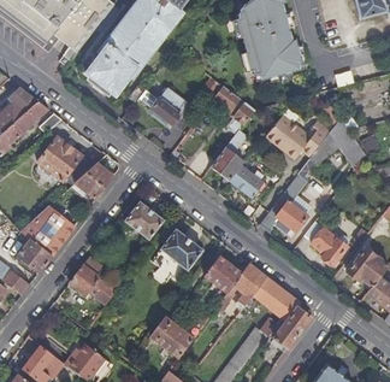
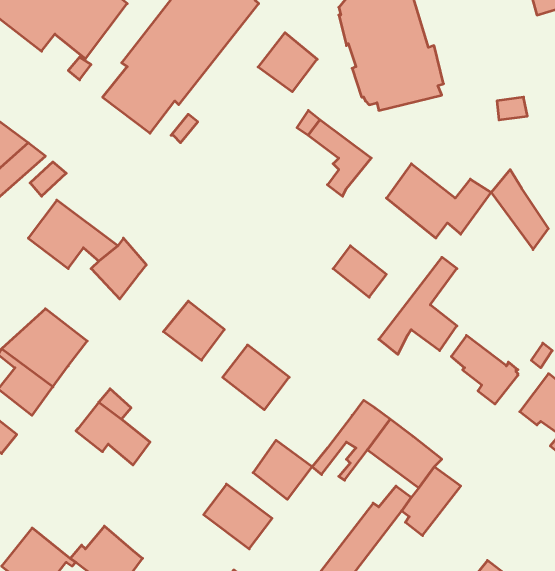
building: [148,87,185,124] -> [258,33,317,92]
building: [212,129,246,180] -> none
building: [205,255,242,293] -> [253,440,312,499]

